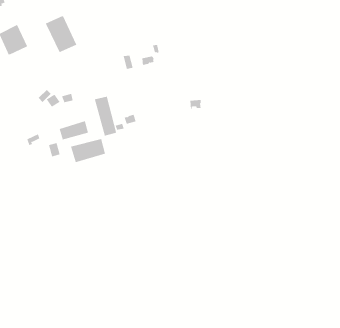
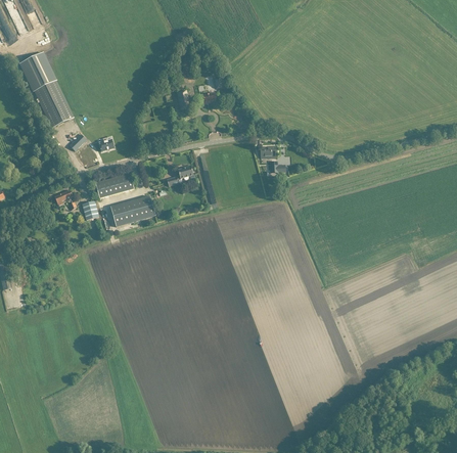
building: [45,16,77,53] -> [33,81,74,128]
building: [94,96,117,136] -> none

